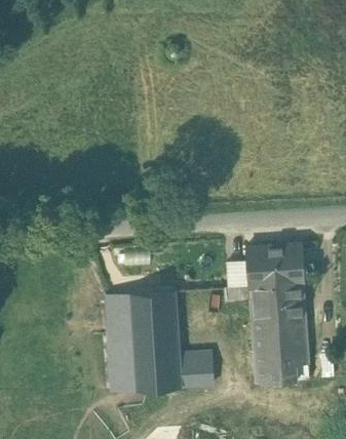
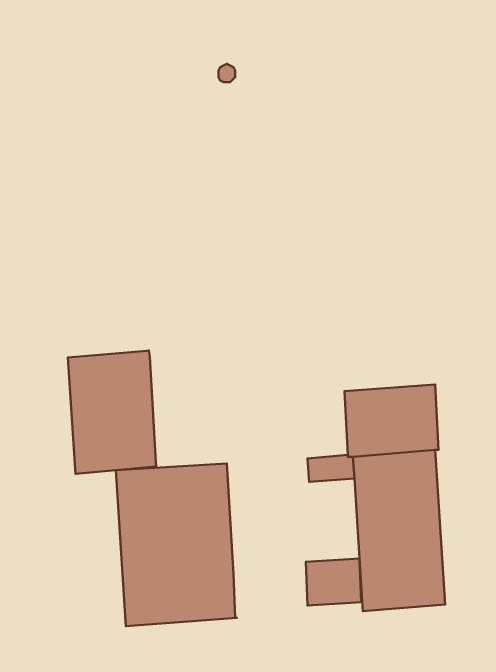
building: none -> [68,351,156,474]
building: [178,357,212,386] -> [306,559,361,606]

